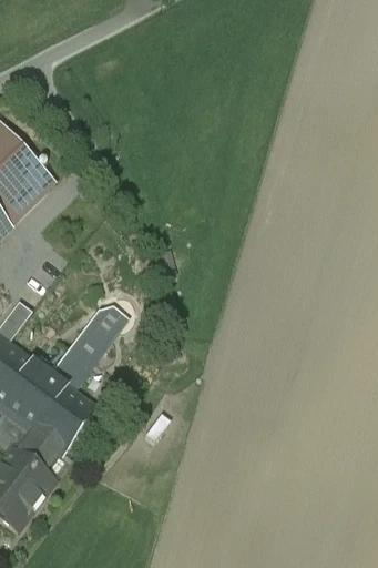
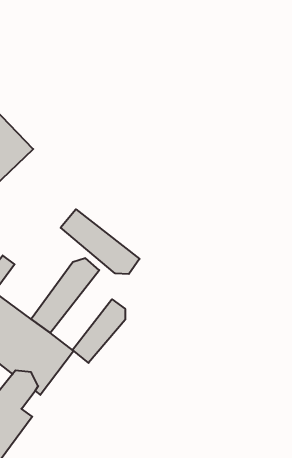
building: none -> [61,209,140,274]
building: none -> [72,299,125,363]

